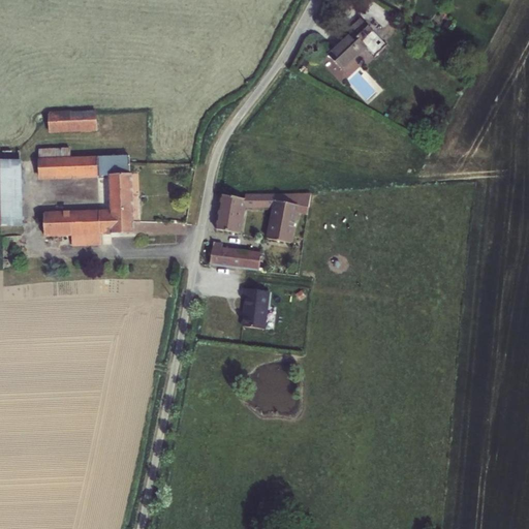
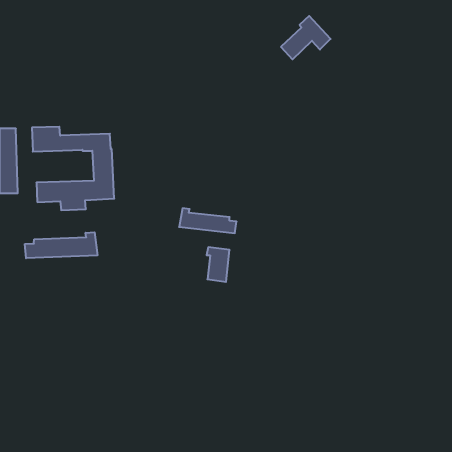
building: [48,112,95,131] -> none
building: [215,193,310,243] -> none
building: none -> [25,232,97,258]

